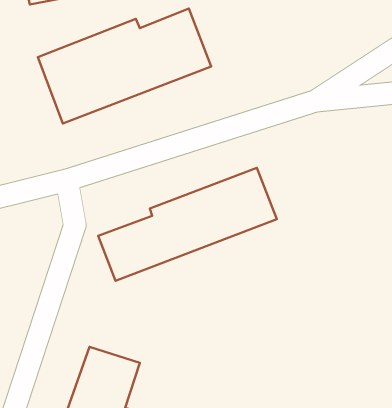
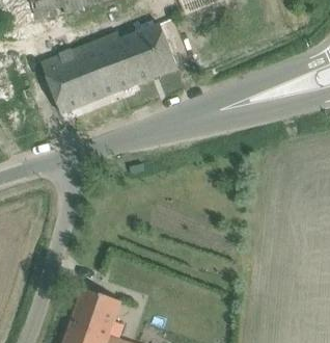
building: [98,168,277,281] -> none

